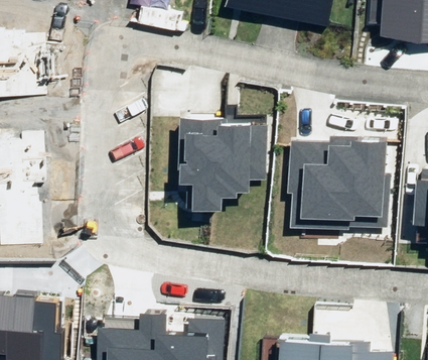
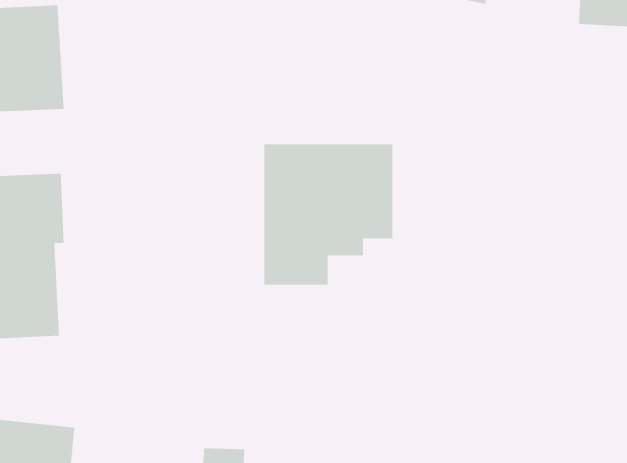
building: [290,137,387,229] -> none

